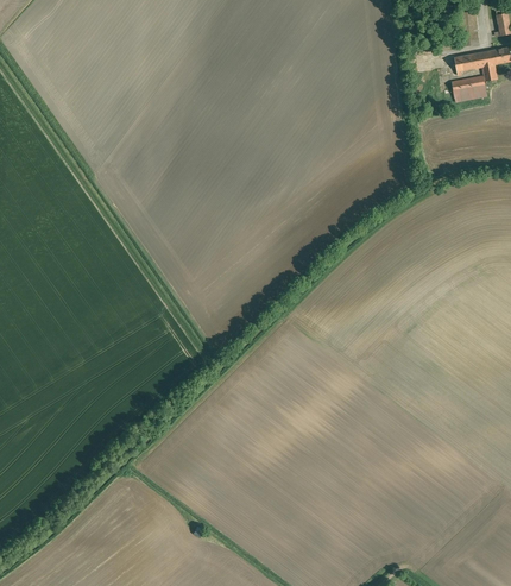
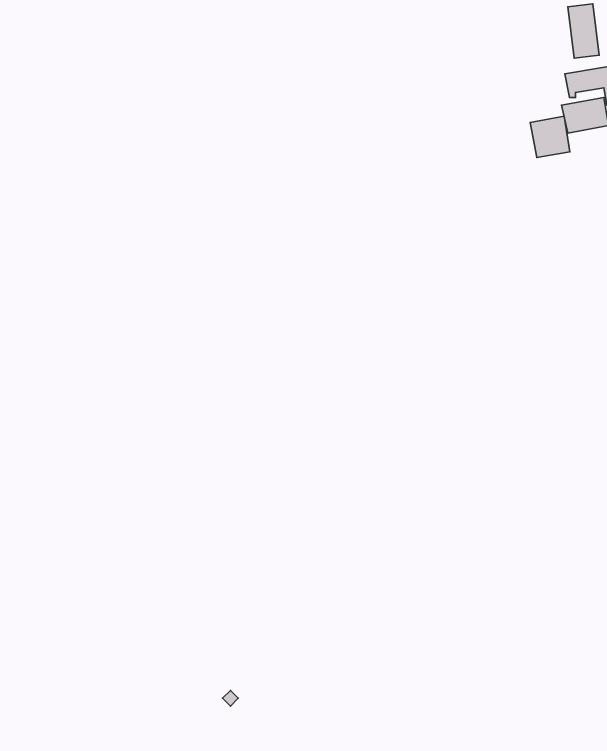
building: none -> [530,116,570,157]

